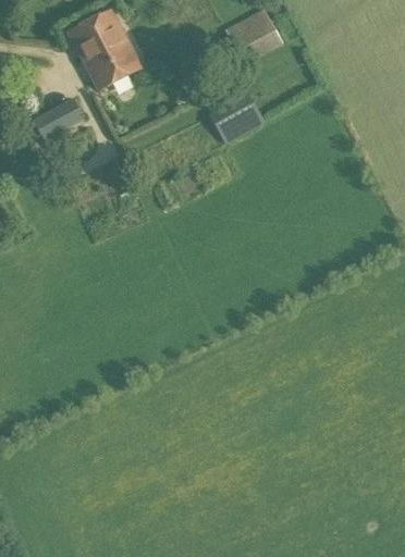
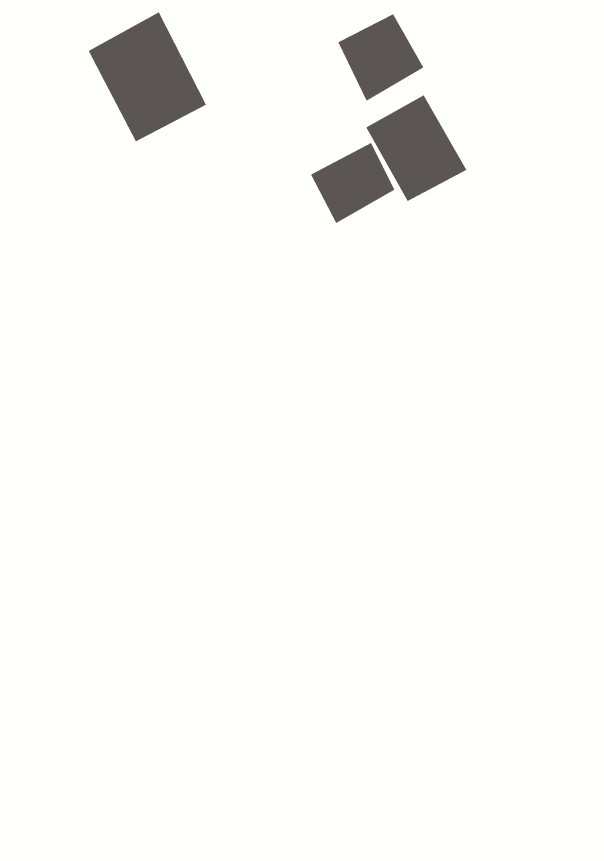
building: none -> [365,95,467,202]
building: [34,97,85,140] -> none

